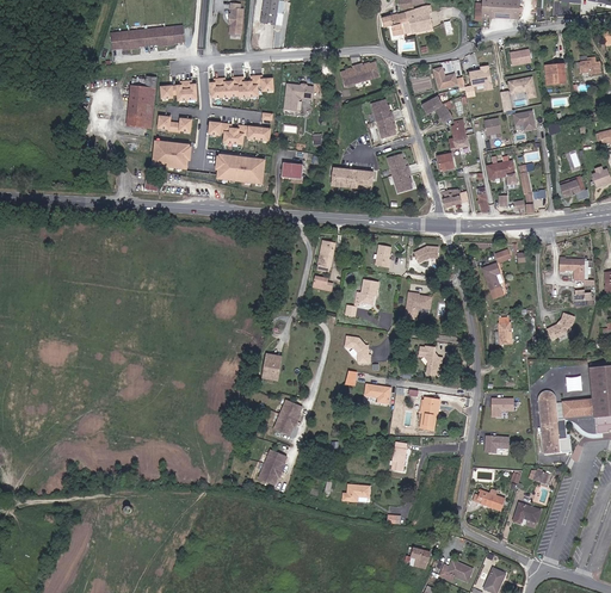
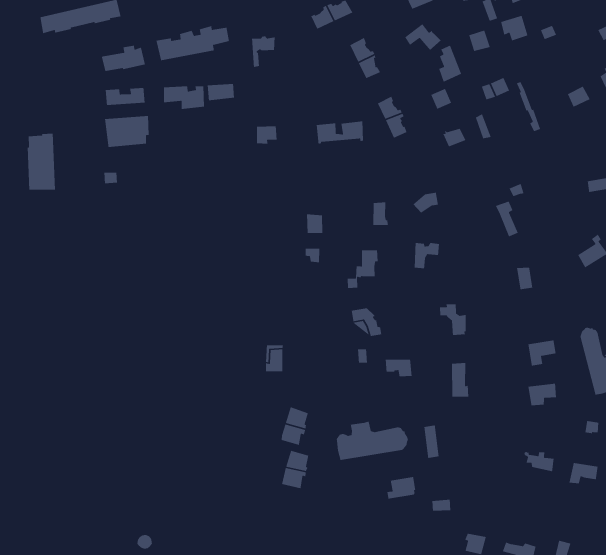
building: [128,78,158,129] -> [27,133,56,190]
building: [215,149,266,179] -> none
building: none -> [336,420,409,461]

